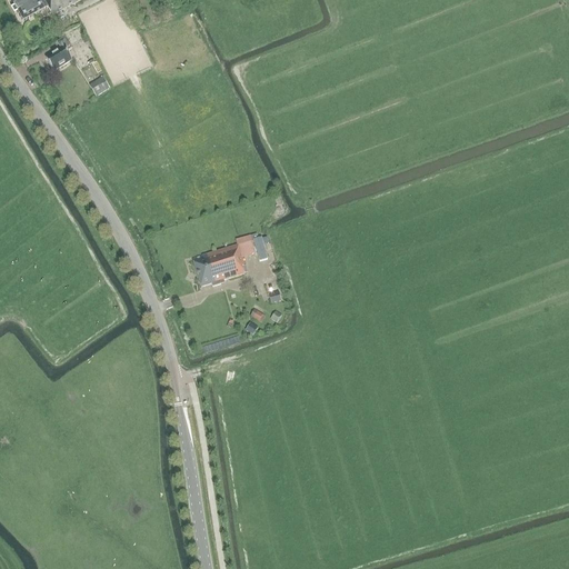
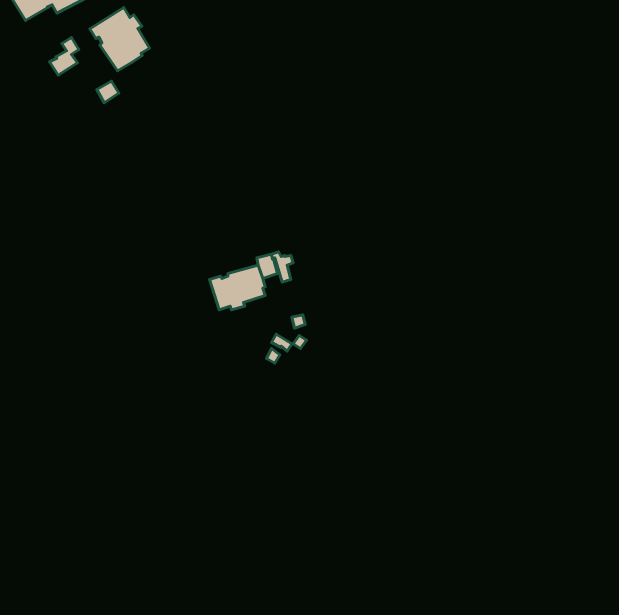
building: none -> [90,8,149,71]

